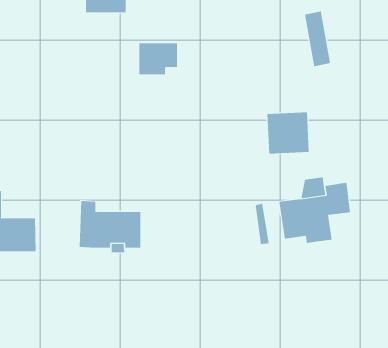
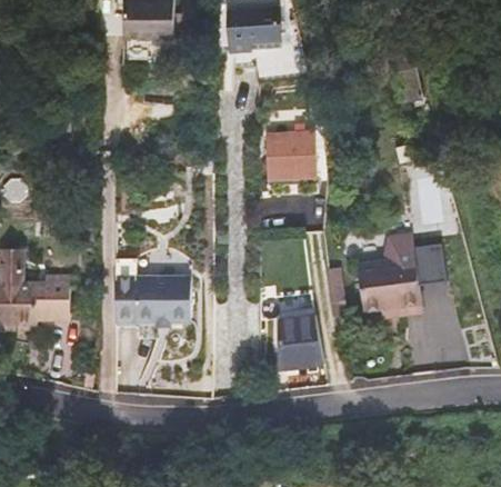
building: [138,43,178,75] -> [237,23,284,62]
building: [267,112,310,154] -> [265,130,318,181]
building: none -> [279,312,322,365]

